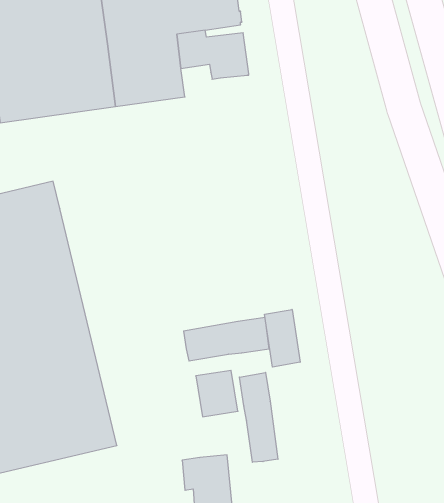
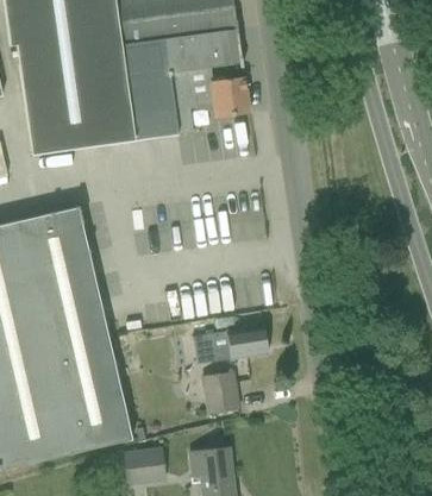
building: [265,309,300,367] -> none
building: [239,372,278,462] -> none
building: none -> [125,450,168,481]

